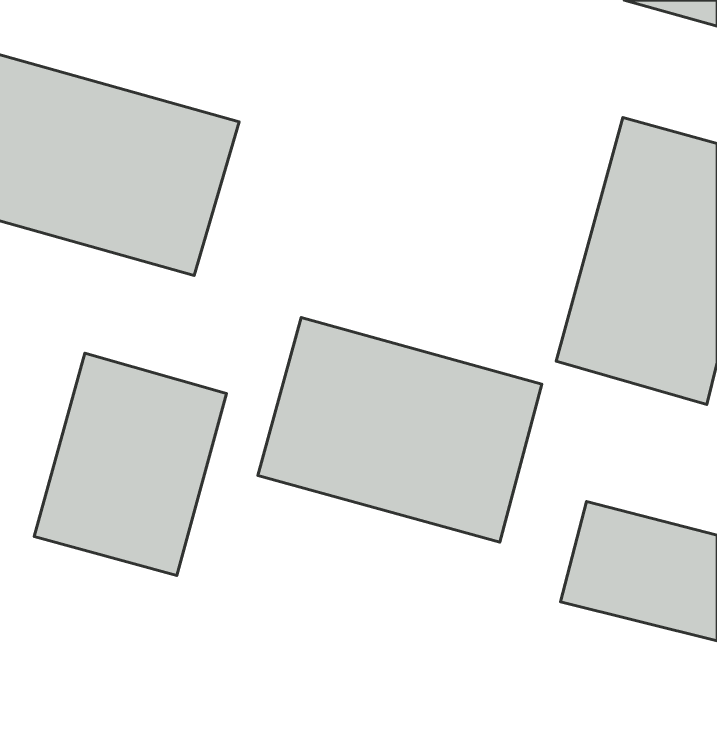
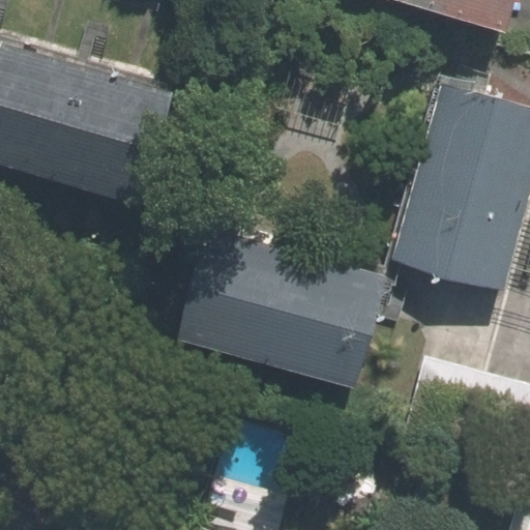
building: [34,353,227,576] -> none

